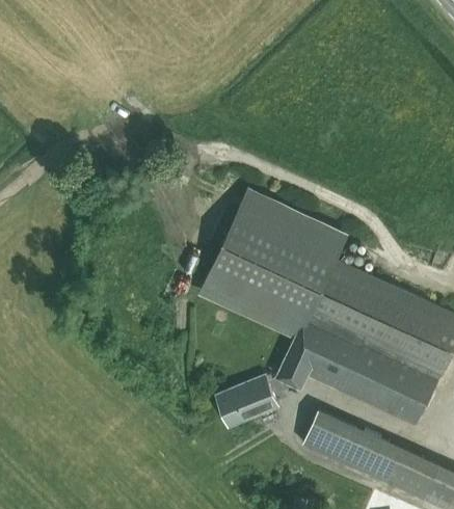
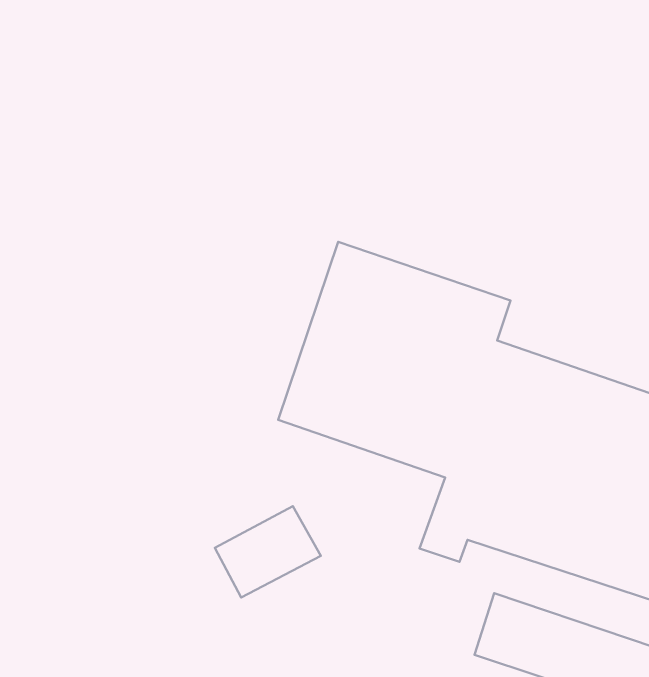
building: [215,376,277,427] -> [215,506,321,598]

